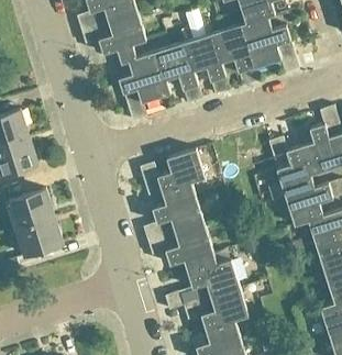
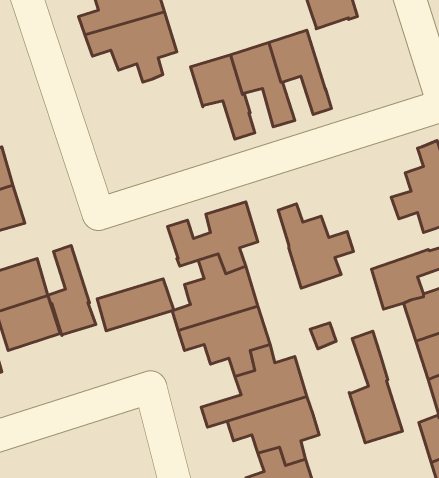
building: [240,18,300,74] -> none
building: [120,53,170,121] -> none
building: [269,137,323,198] -> [278,204,353,288]
building: none -> [48,245,96,335]
building: none -> [97,279,174,331]
building: none -> [349,331,403,443]

